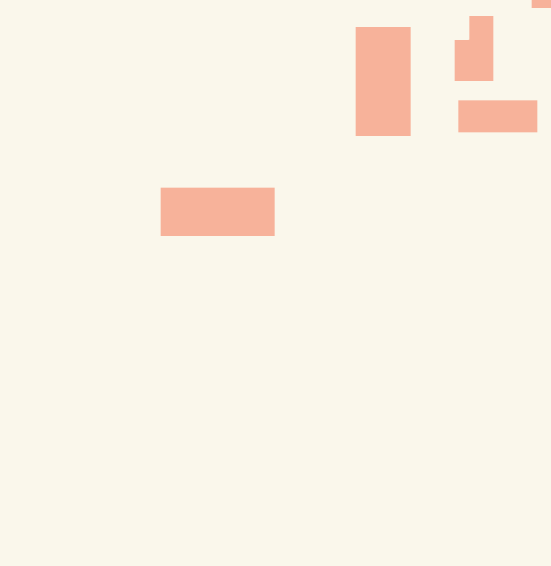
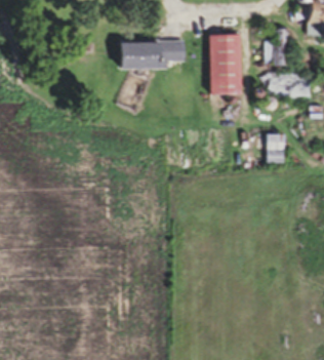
building: [160,187,276,237] -> [120,41,185,69]
building: none -> [266,134,284,163]

